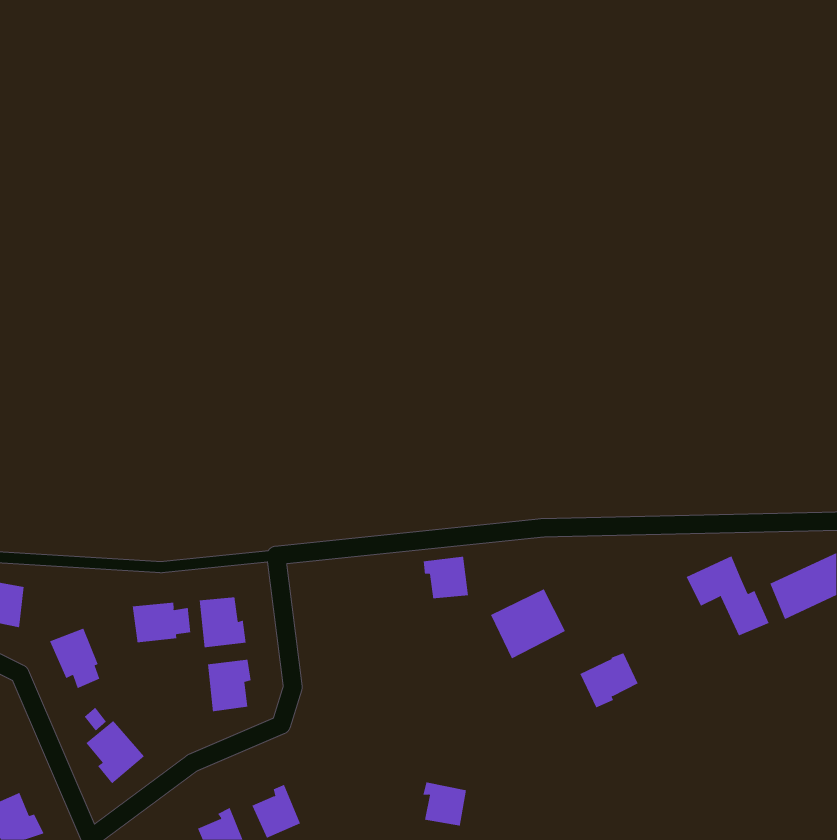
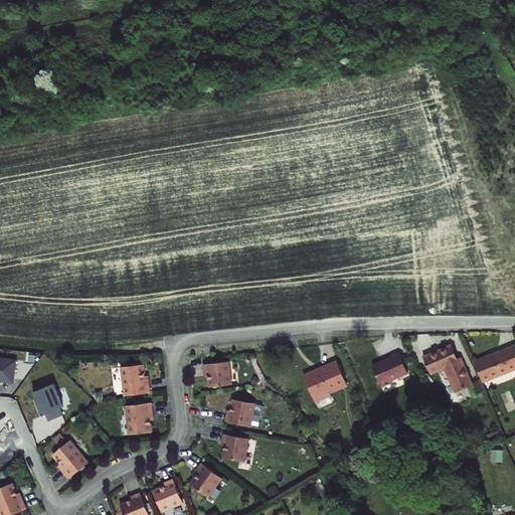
building: [423,556,469,599] -> [204,361,232,387]
building: [132,602,191,643] -> none
building: [579,652,639,708] -> [369,352,405,386]
building: none -> [226,399,256,426]
building: none -> [191,463,223,497]
building: [423,782,467,826] -> [223,435,250,462]

